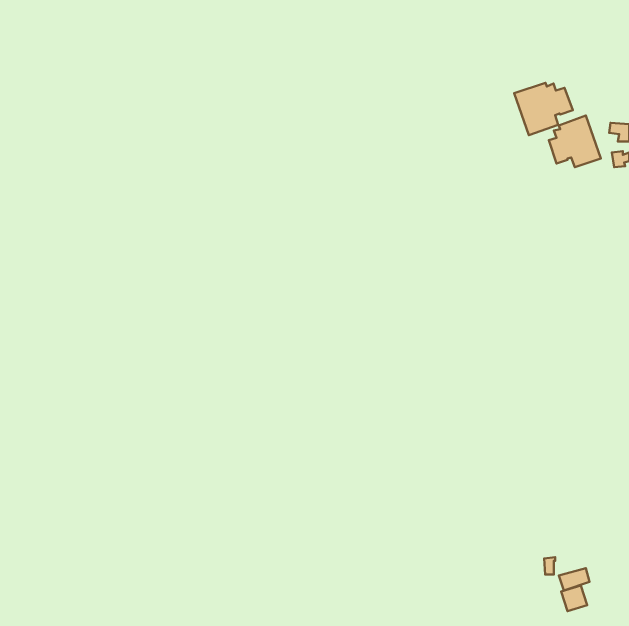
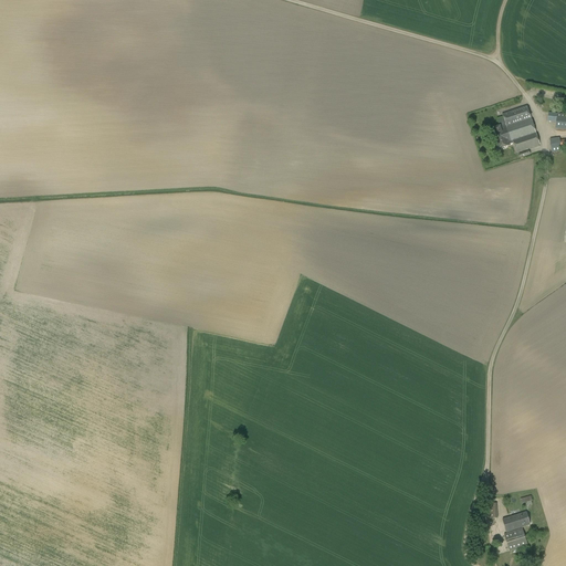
building: [514,83,573,135] -> none

